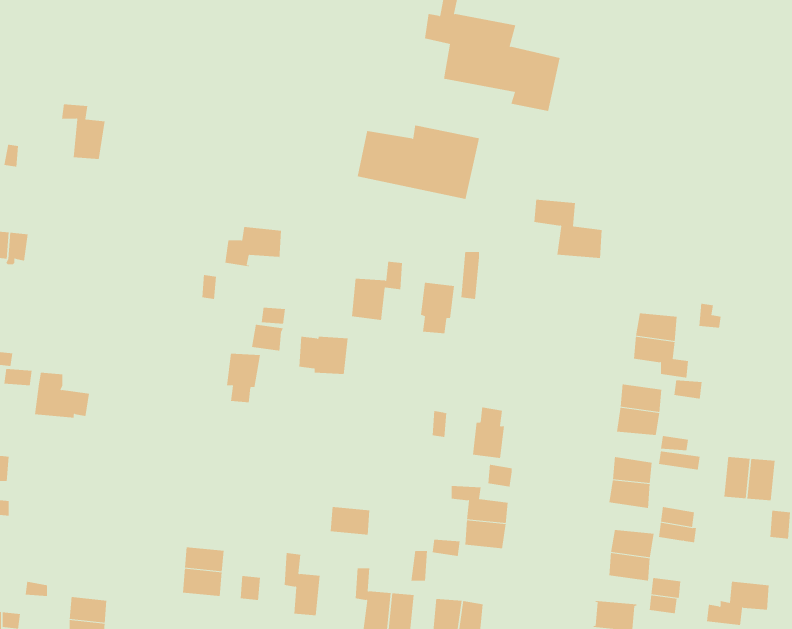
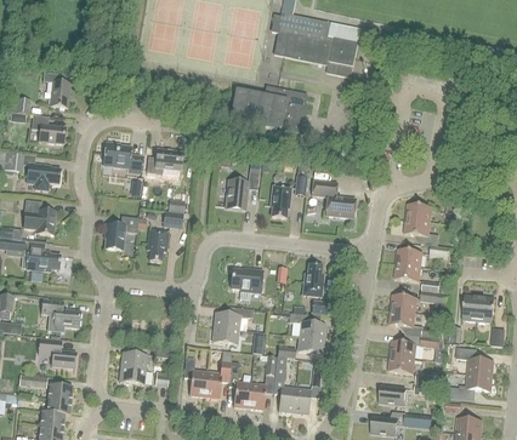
building: none -> [32,114,66,143]
building: [534,199,603,259] -> [311,179,354,217]
building: none -> [103,142,142,172]
building: none -> [27,162,59,189]
building: none -> [23,199,56,234]
building: none -> [104,216,138,250]
building: [299,336,348,375] -> [231,268,262,292]
building: none -> [41,298,80,332]
building: none -> [214,307,254,328]
building: none -> [38,338,75,367]
building: none -> [455,348,492,376]
building: none -> [204,359,229,396]

